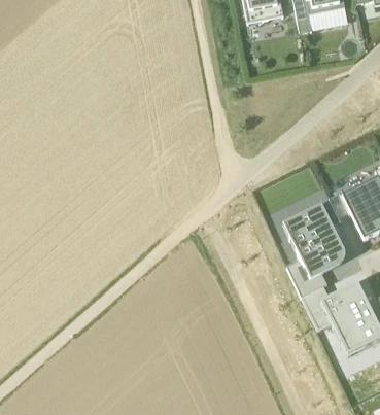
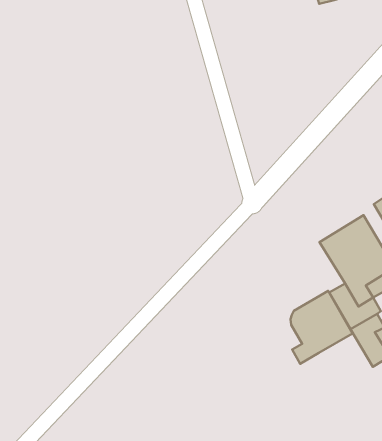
building: none -> [291,291,353,364]

